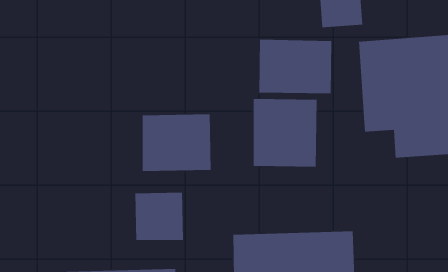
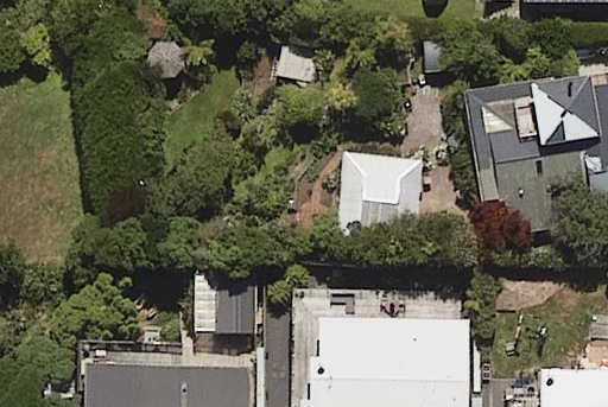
building: [259,39,332,94] -> none
building: [142,114,211,172] -> none

